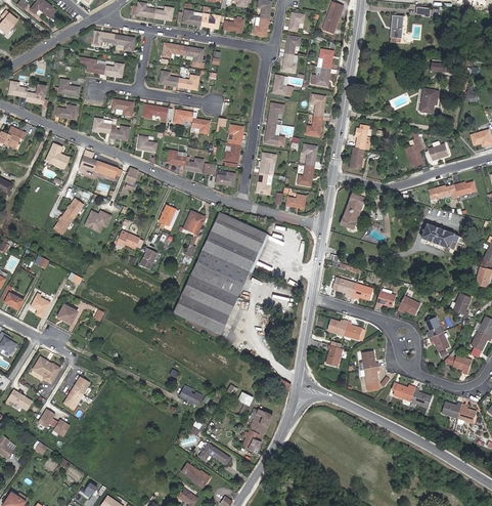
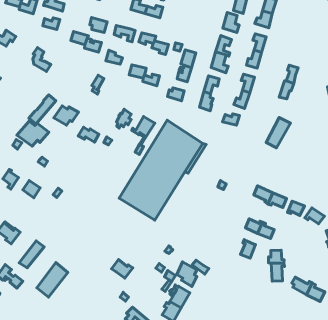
building: [79,150,118,178] -> none
building: none -> [17,121,49,146]
building: none -> [177,262,197,286]
building: none -> [37,263,68,297]

